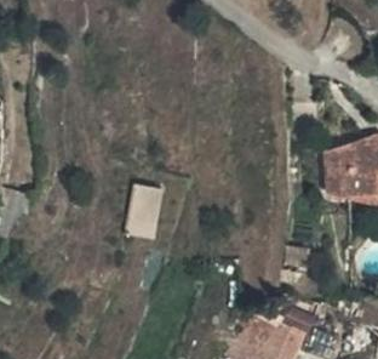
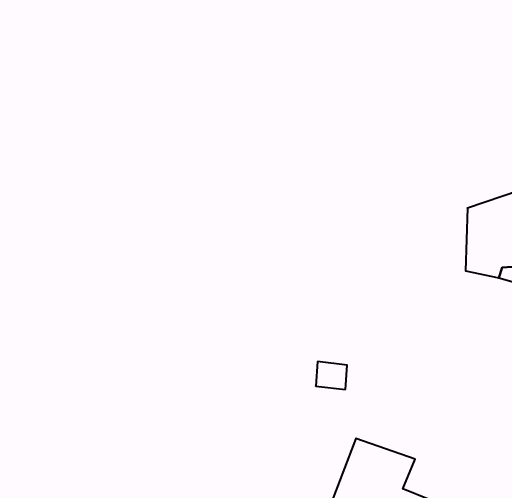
building: [127,184,162,239] -> none

